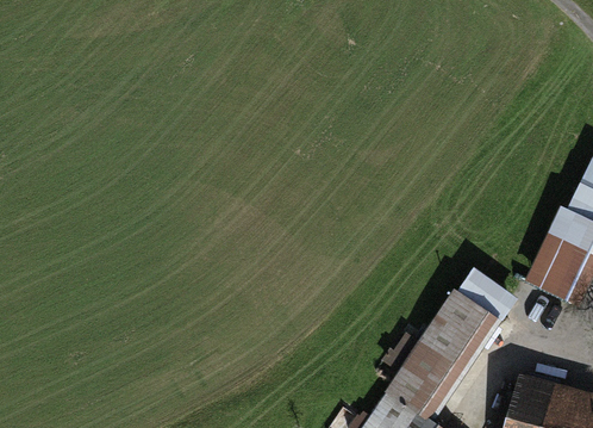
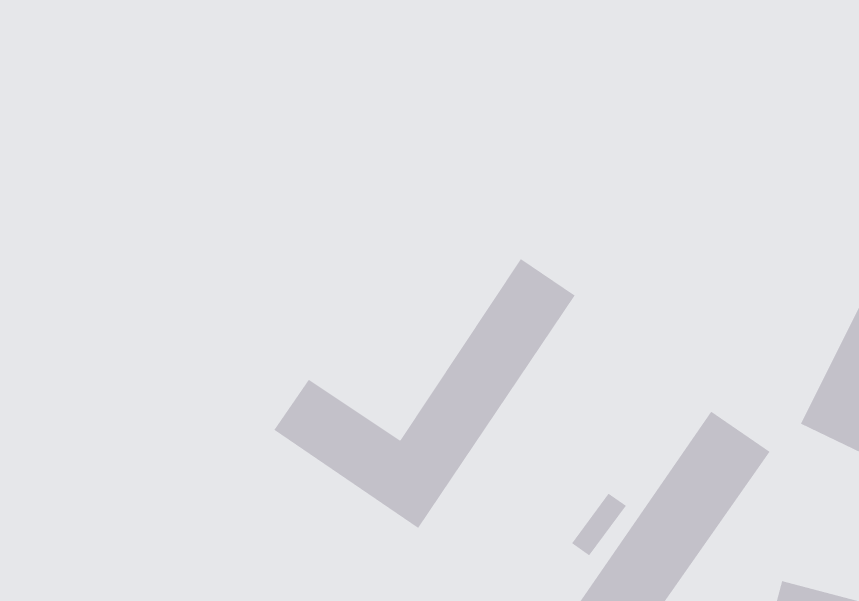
building: none -> [273,258,576,529]

